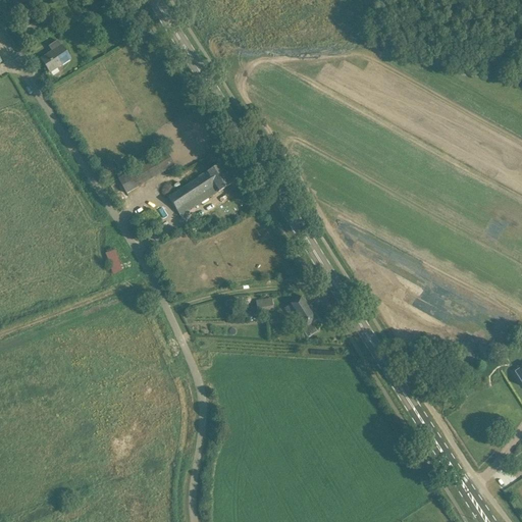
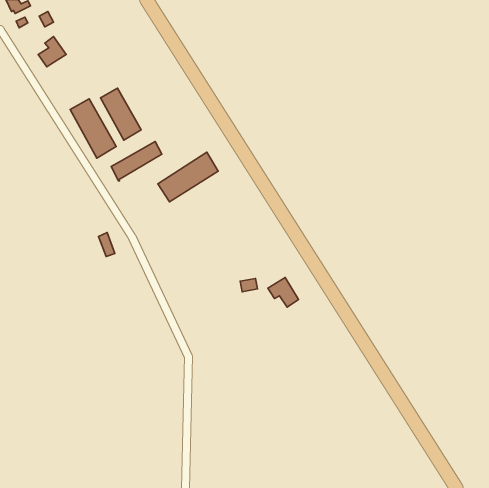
building: none -> [101,88,141,140]
building: none -> [70,99,116,158]

